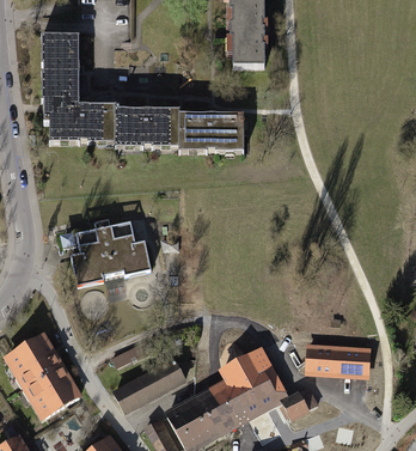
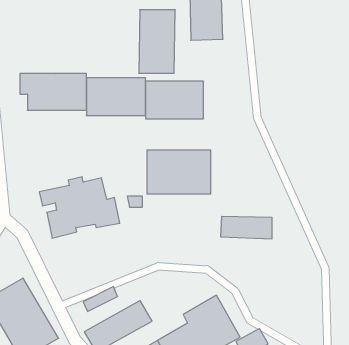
building: [41,32,81,103] -> [139,10,175,73]
building: none -> [147,150,211,194]
building: [308,347,366,372] -> [221,216,272,239]

